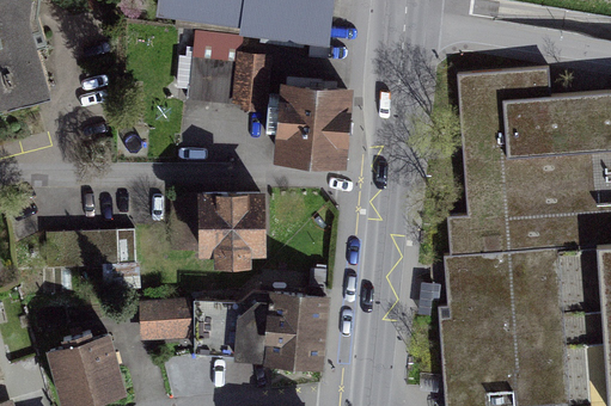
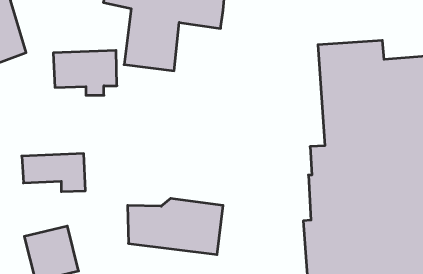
building: [280,78,349,165] -> none
building: [175,197,263,259] -> [53,50,117,95]
building: [142,302,189,339] -> none

